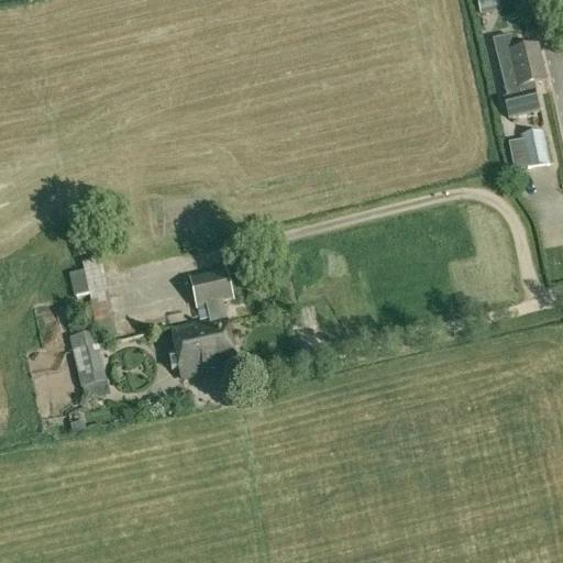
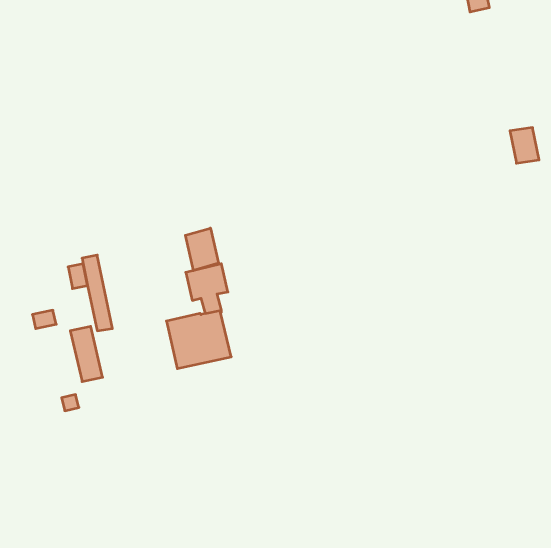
building: [493,34,545,117] -> none
building: none -> [185,228,219,271]

